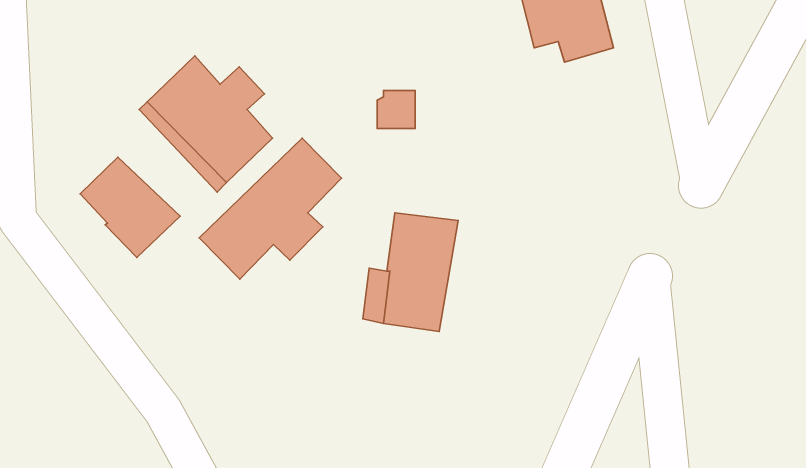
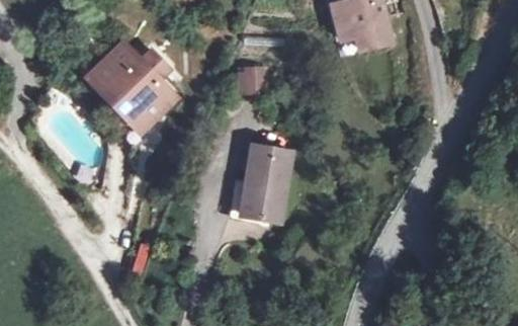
building: [199,138,341,279] -> none
building: [80,157,180,257] -> none

